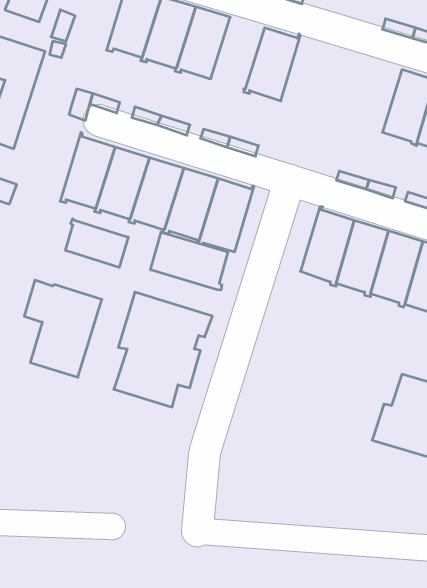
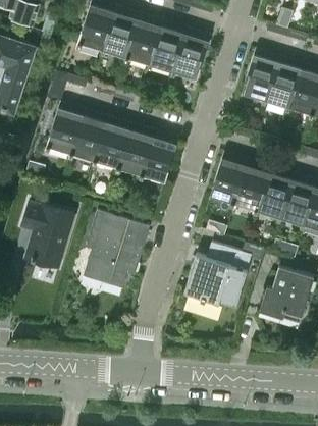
building: none -> [148,23,186,72]
building: none -> [242,49,279,104]
building: [66,219,128,267] -> none
building: [151,232,228,290] -> none
building: none -> [184,244,251,307]

